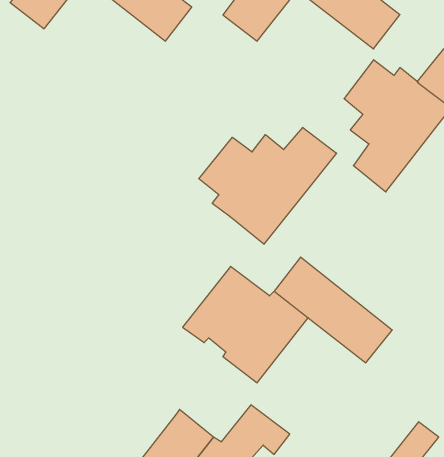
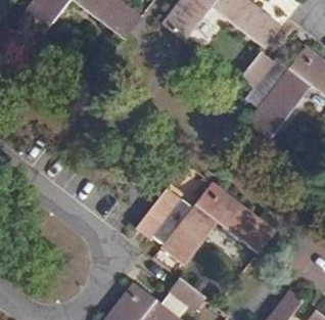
building: [199,127,337,244] -> none

